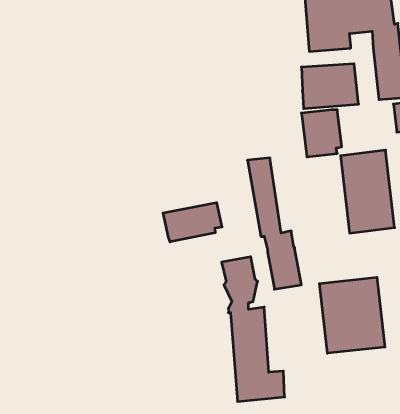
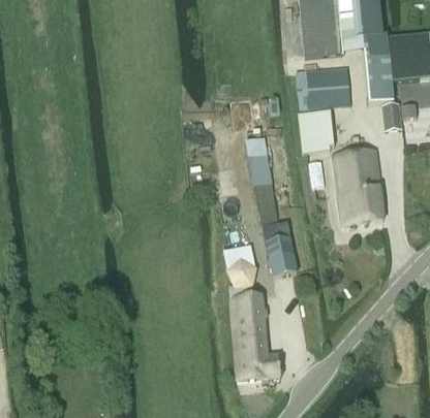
building: [163,203,222,242] -> none
building: [319,277,385,353] -> none

